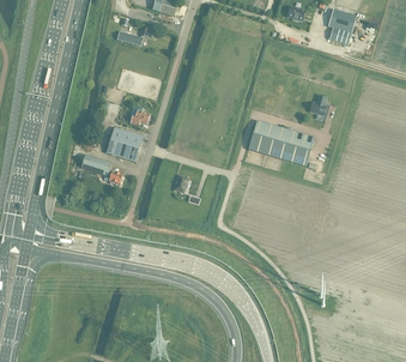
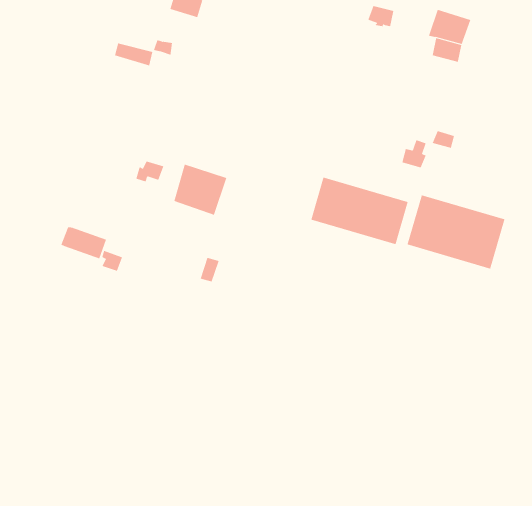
building: [105,126,141,161] -> [174,164,227,215]
building: none -> [407,194,505,269]

